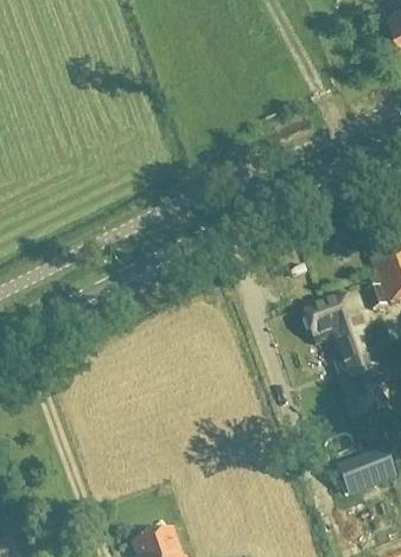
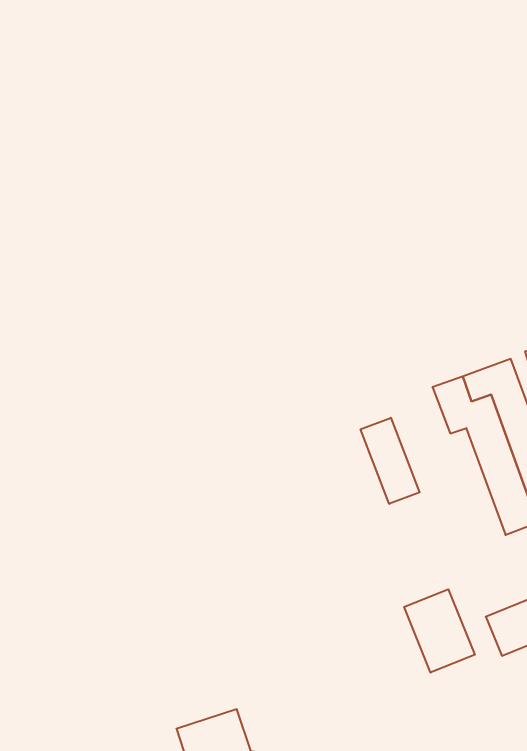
building: none -> [361,418,420,504]
building: none -> [404,589,475,673]

